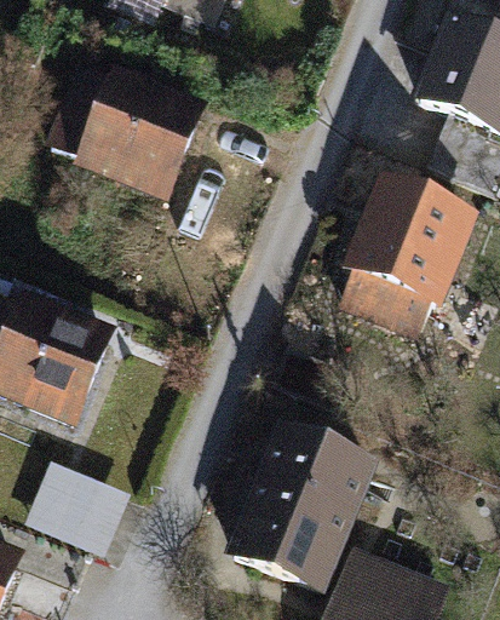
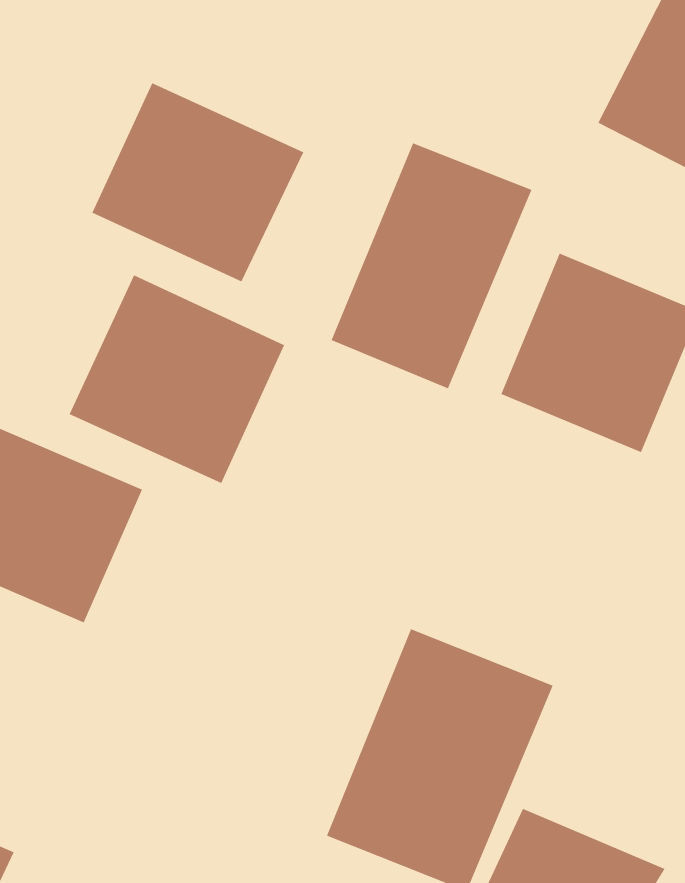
building: none -> [331,143,532,389]
building: none -> [69,275,285,484]
building: [28,449,131,544] -> none

